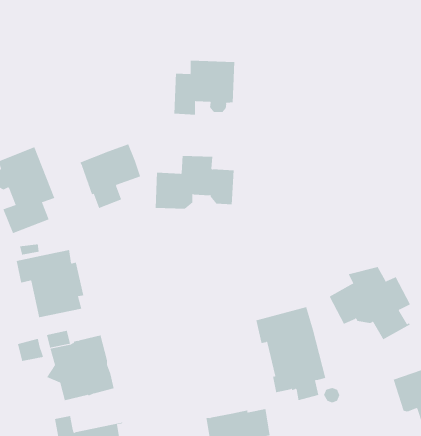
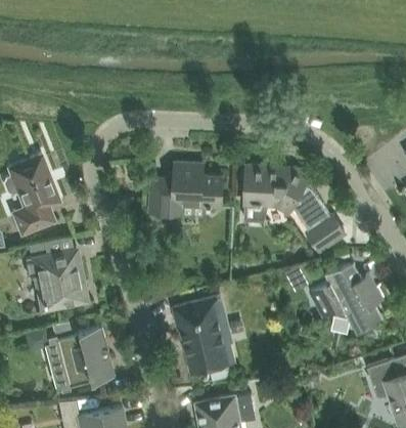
building: [174,60,235,115] -> none
building: [79,143,141,209] -> none
building: none -> [243,167,345,250]
building: [255,307,326,401] -> [173,296,237,382]

